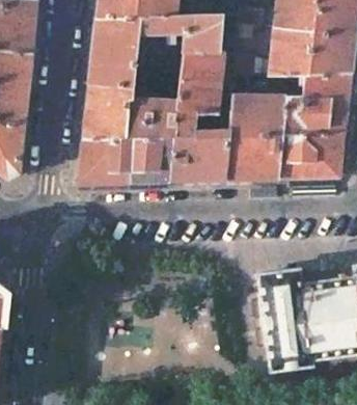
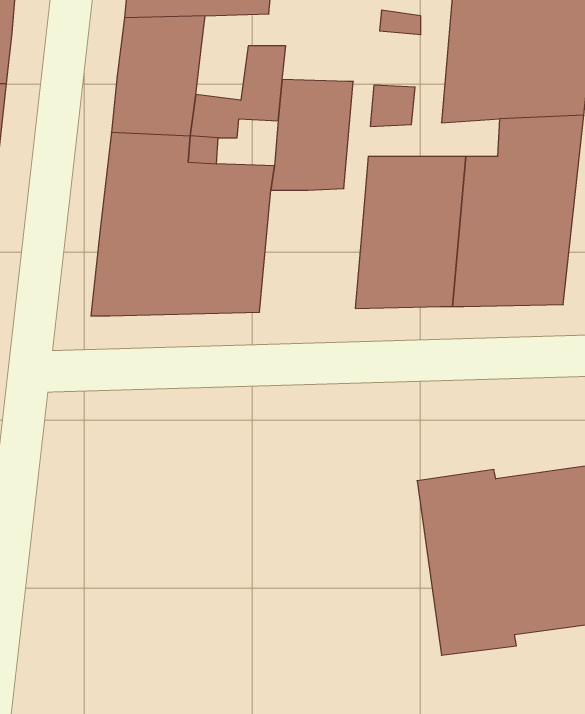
building: [138,14,224,53] -> none
building: [170,113,227,181] -> none

